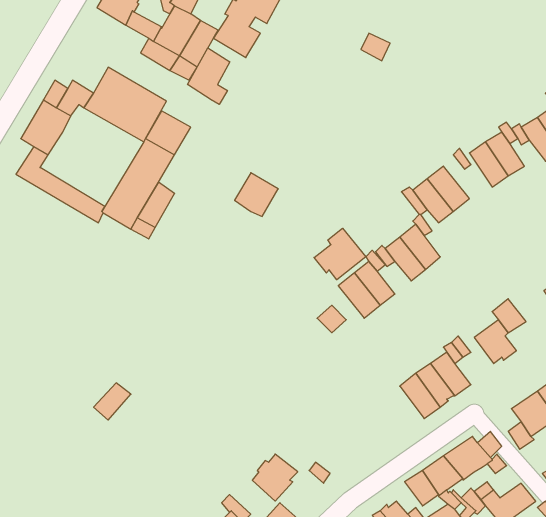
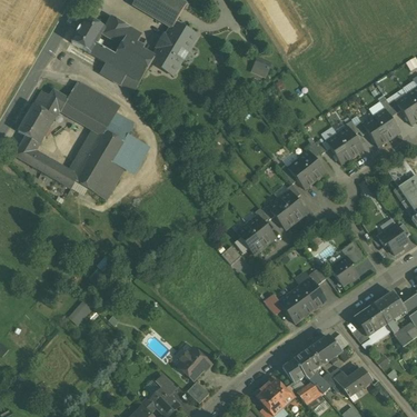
building: [188,48,230,104] -> none
building: [235,173,278,216] -> [113,141,143,171]
building: [314,228,366,280] -> none

